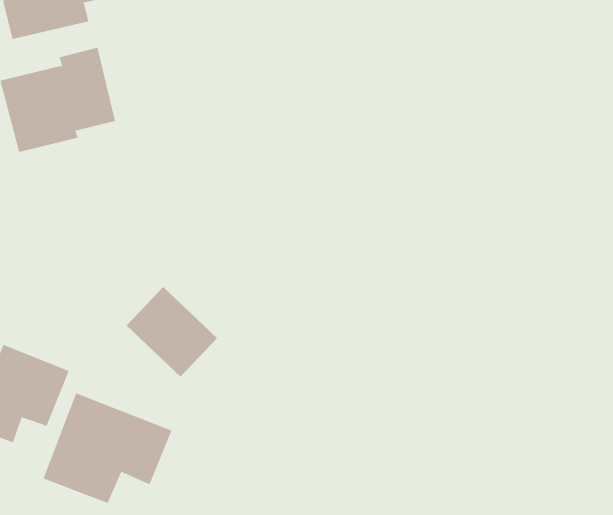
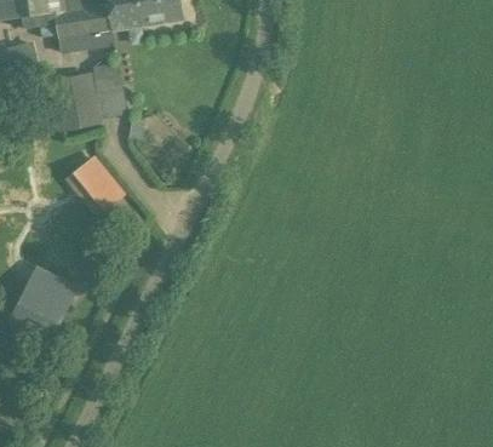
building: [126,286,218,377] -> [64,153,127,217]
building: [43,393,172,504] -> none

